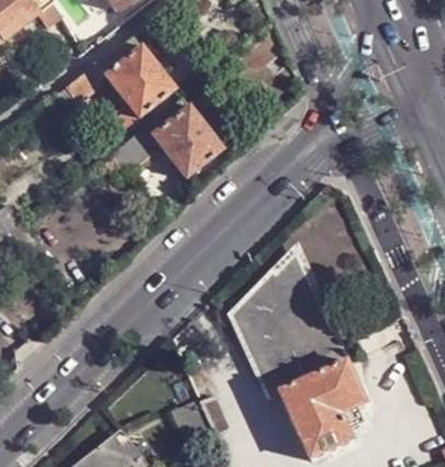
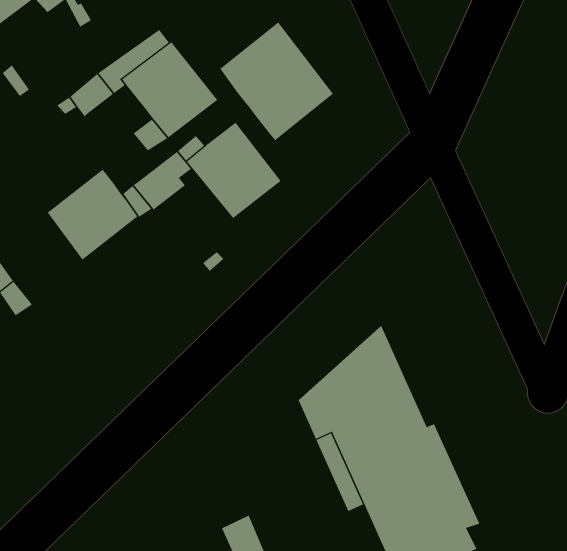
building: none -> [219,21,334,141]
building: none -> [47,169,138,260]

